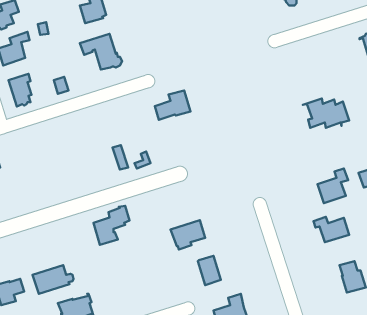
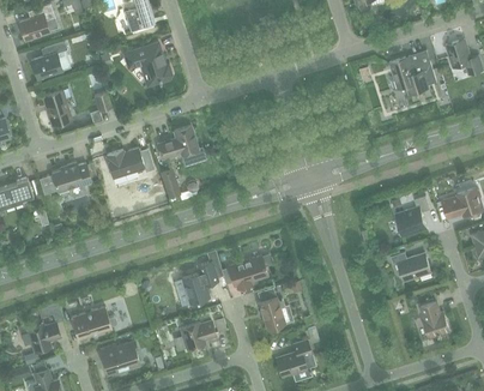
building: [155,90,190,120] -> [157,125,198,158]
building: [303,98,349,128] -> [383,56,436,90]
building: none -> [99,148,153,178]
building: none -> [50,161,91,194]
building: [94,206,129,245] -> [181,258,222,302]
building: none -> [180,320,216,349]

